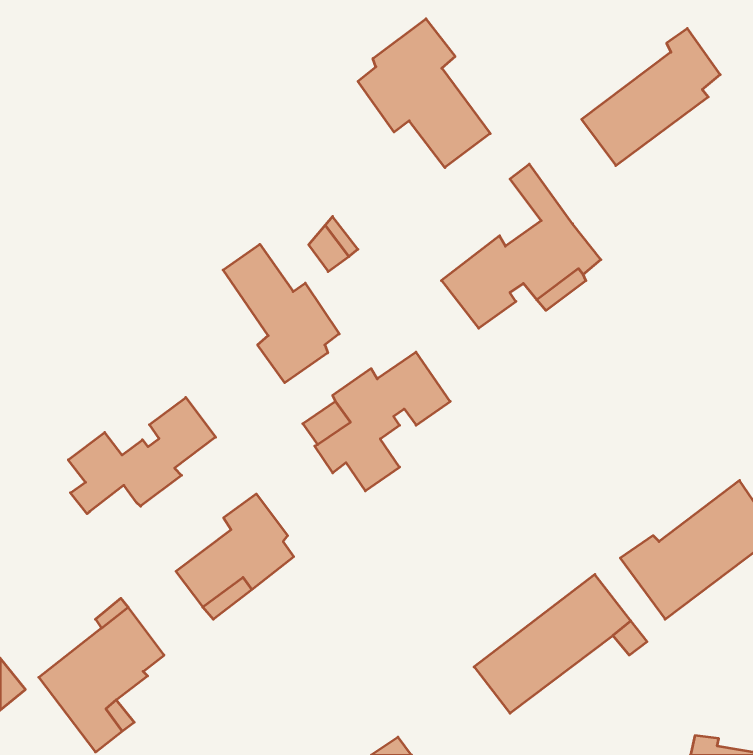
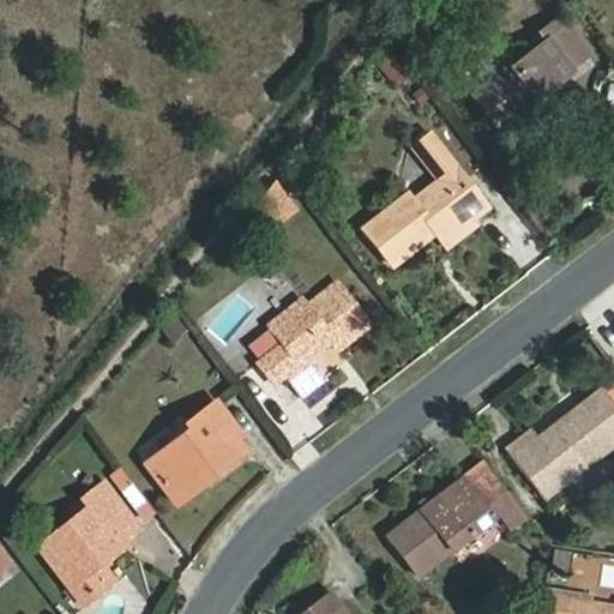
building: [358,19,490,168] -> none
building: [223,244,339,383] -> none
building: [68,397,216,514] -> none

